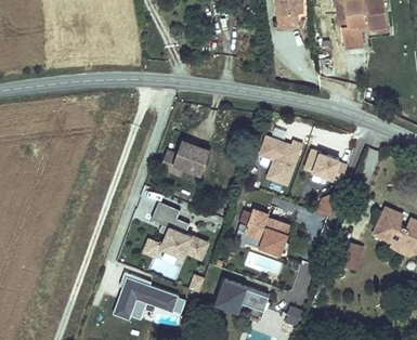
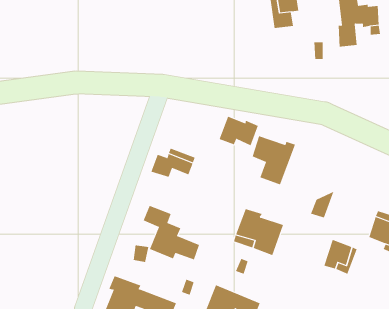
building: none -> [219,116,258,146]
building: [304,147,347,180] -> none

